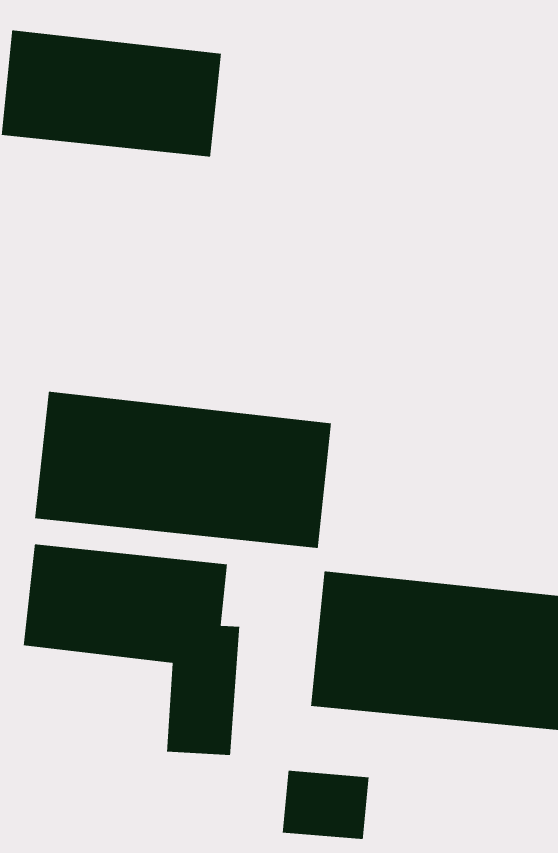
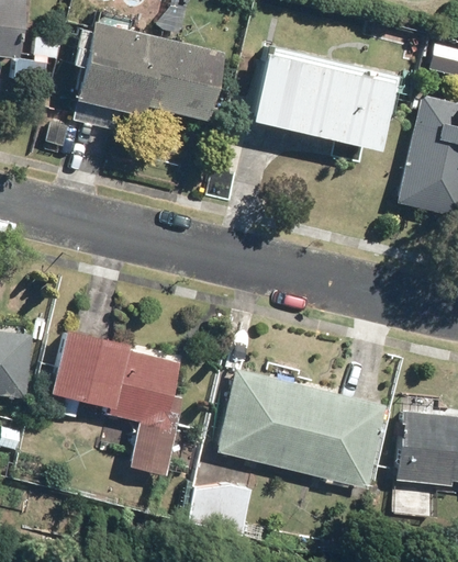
building: none -> [256,49,403,151]
building: [34,391,332,549] -> none

